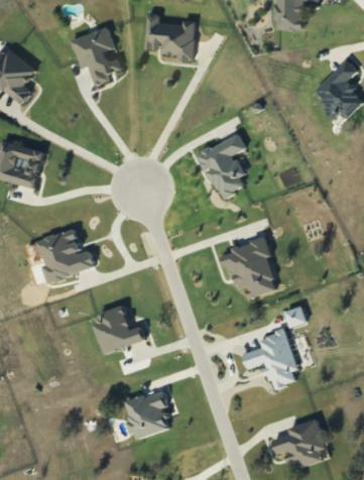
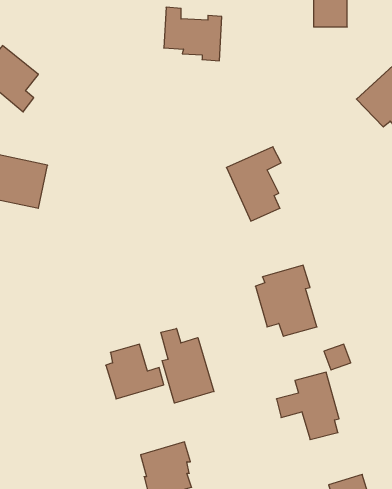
building: [73,26,122,84] -> none
building: [38,228,96,281] -> none
building: none -> [161,328,214,403]

